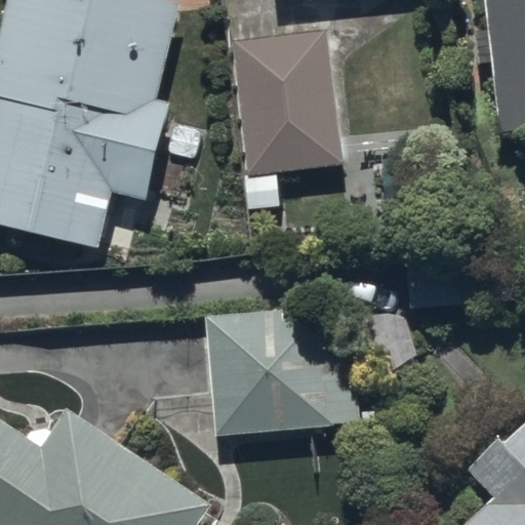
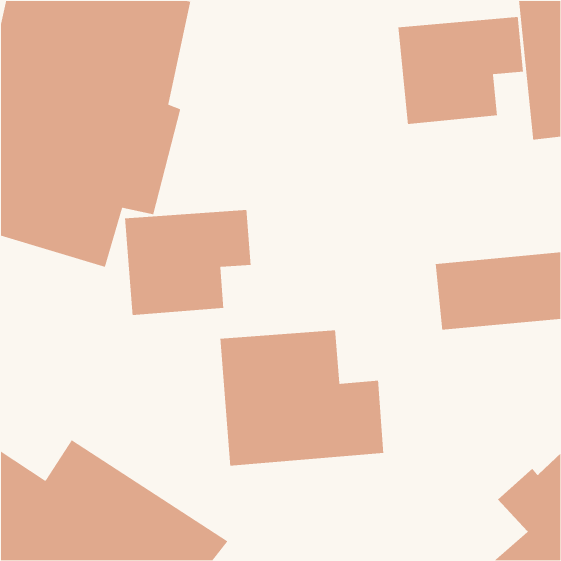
building: none -> [398,16,524,125]
building: [236,43,348,220] -> none
building: none -> [124,209,252,316]

